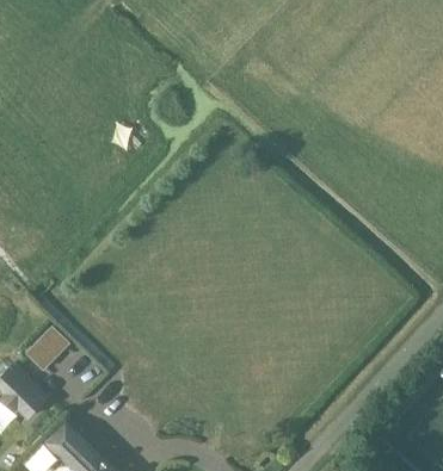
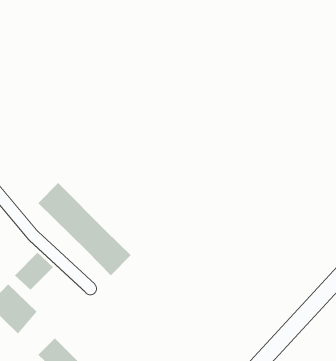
building: none -> [38,182,131,276]

